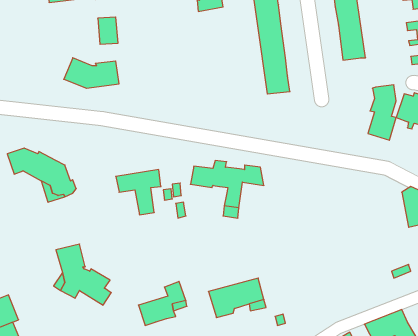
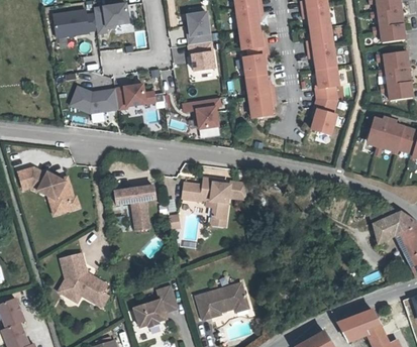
building: none -> [188,40,214,71]
building: none -> [115,84,154,109]
building: none -> [183,97,220,128]
building: [368,85,396,140] -> [311,86,336,135]

